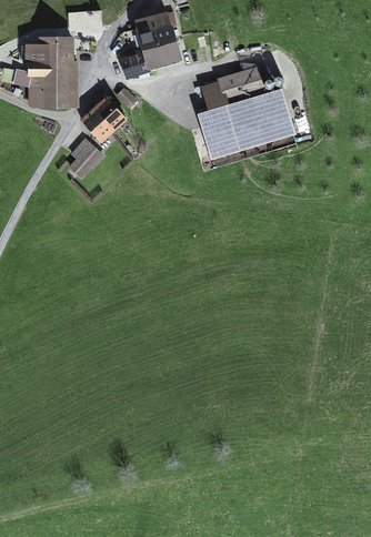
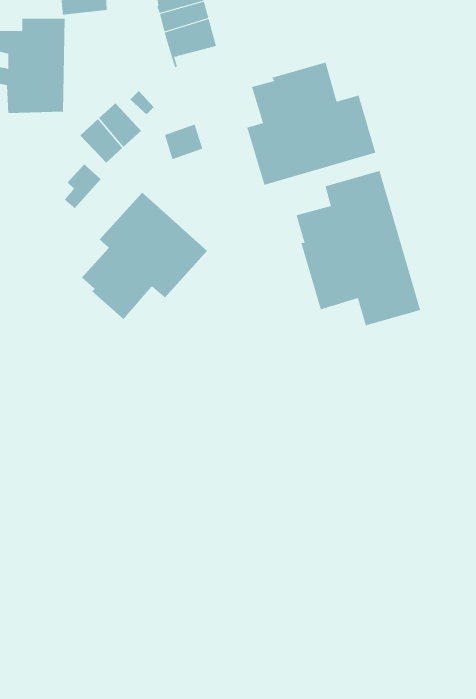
building: [121,51,149,77] -> [164,124,203,160]
building: none -> [296,170,421,326]
building: none -> [81,192,208,320]

